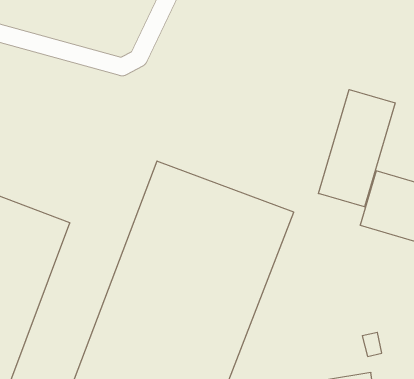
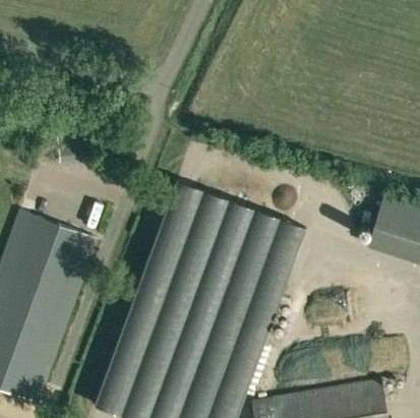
building: [318,90,395,207] -> none

